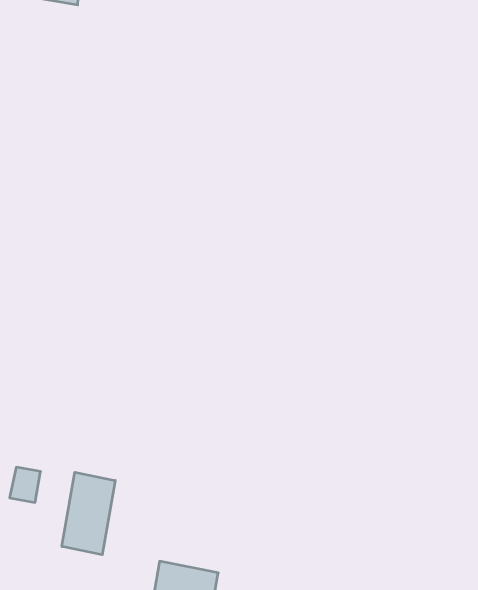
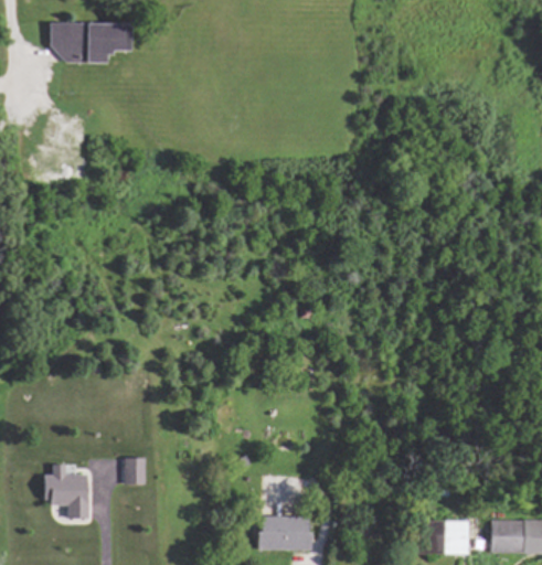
building: [62,472,115,555] -> none

